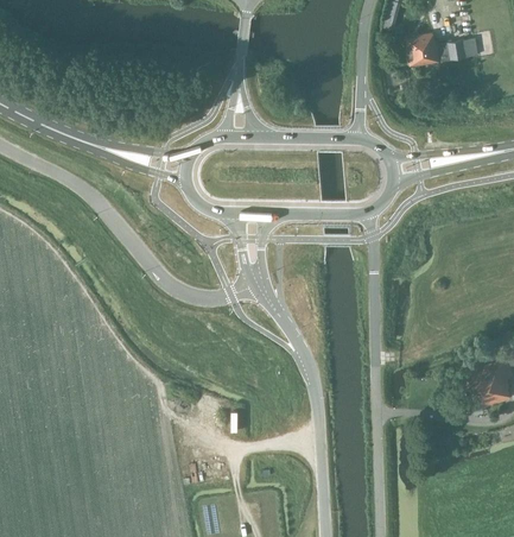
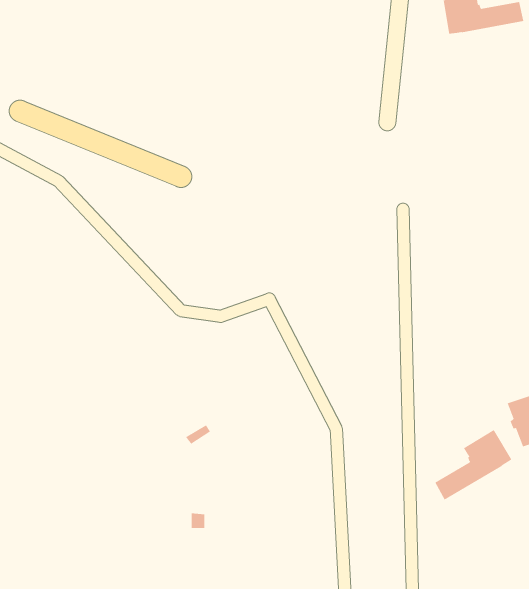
building: none -> [434,429,512,500]

